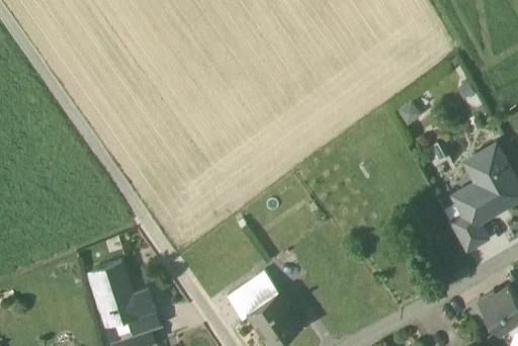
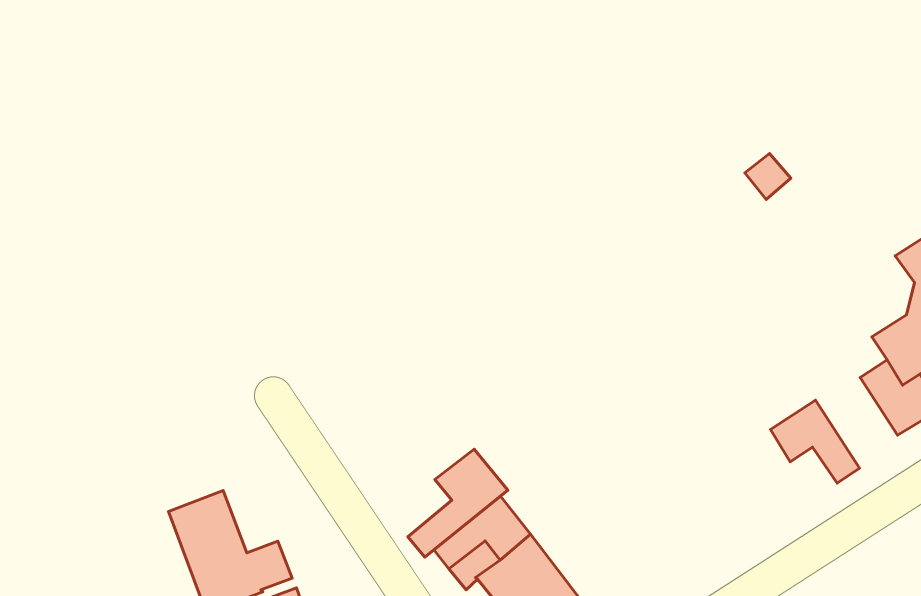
building: none -> [771,400,860,483]
building: none -> [408,449,508,557]

